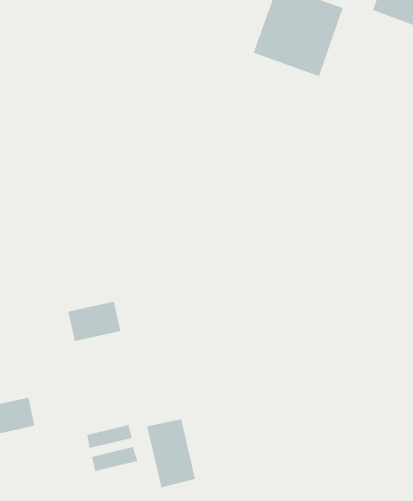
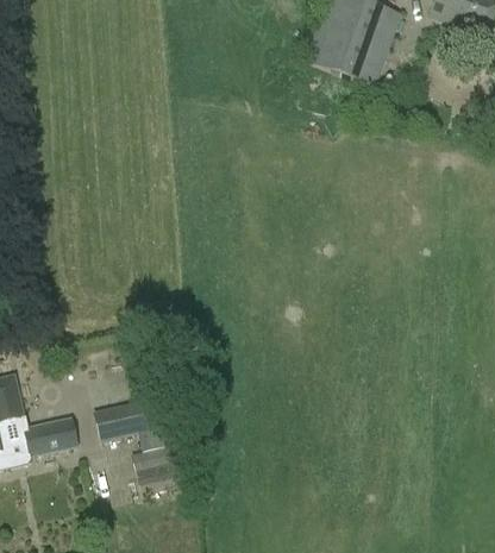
building: [67,301,121,341] -> [94,398,150,440]
building: [147,419,195,488] -> none

